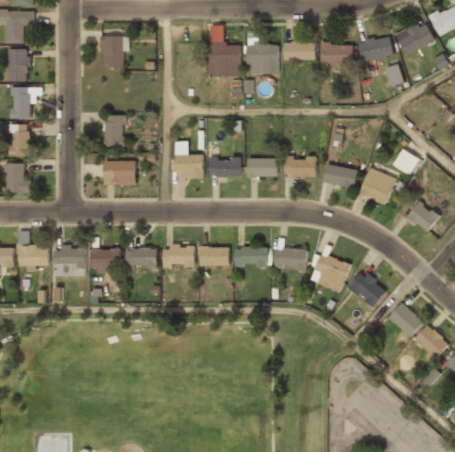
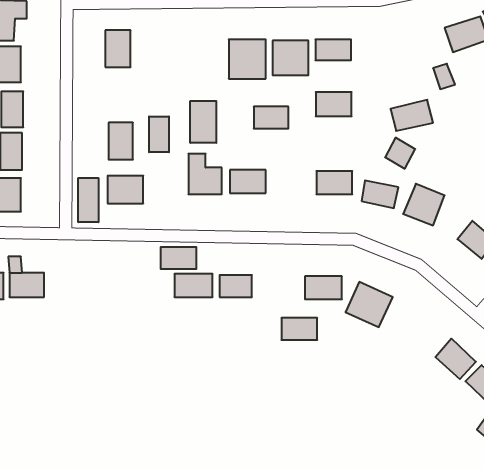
building: [356,35,393,62] -> [390,100,433,131]
building: [320,43,351,64] -> [316,92,352,116]
building: none -> [190,101,216,143]
building: none -> [149,116,169,152]
building: [393,148,419,175] -> [385,138,415,169]
building: [247,158,277,177] -> [254,107,288,129]
building: none -> [78,178,98,222]
building: [54,246,84,274] -> none
building: [235,247,266,266] -> [281,318,317,340]
building: [90,248,119,272] -> none
building: [125,248,156,267] -> [161,247,196,269]
building: [348,271,385,307] -> none

